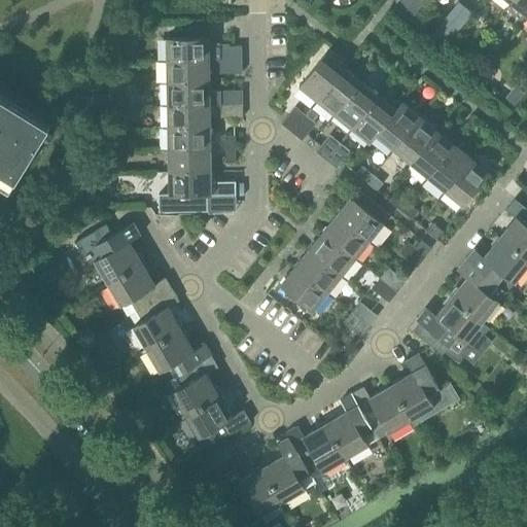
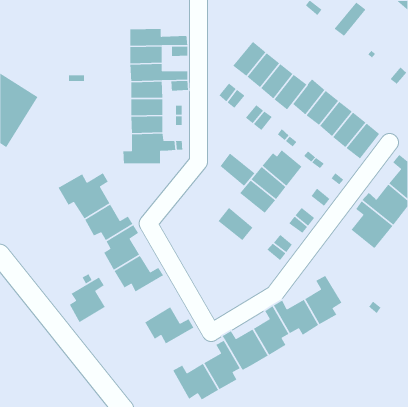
building: [294,251,341,295] -> [219,153,255,187]
building: [416,298,489,363] -> none
building: [172,357,219,417] -> [69,277,106,323]

